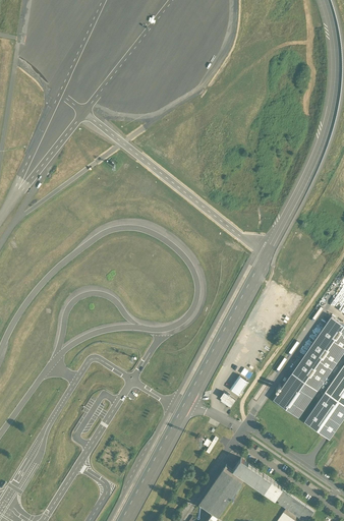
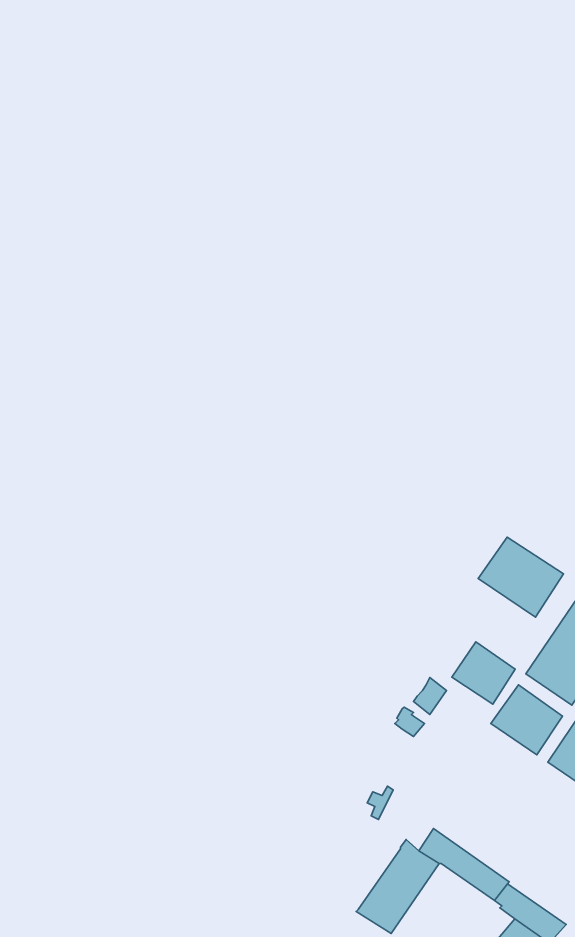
building: none -> [478,537,563,617]
building: none -> [452,642,515,704]

